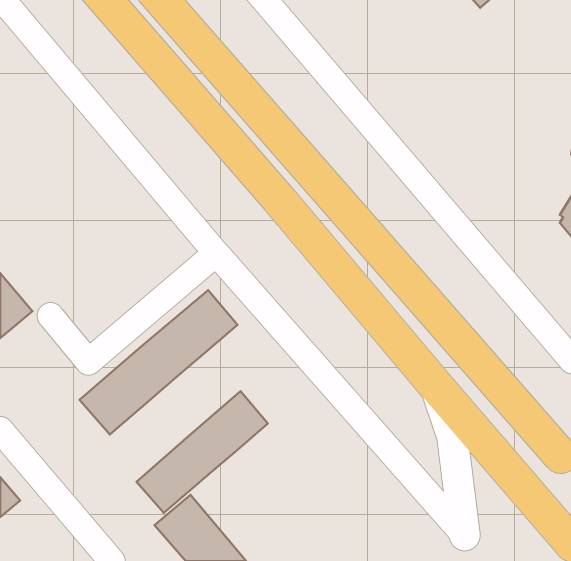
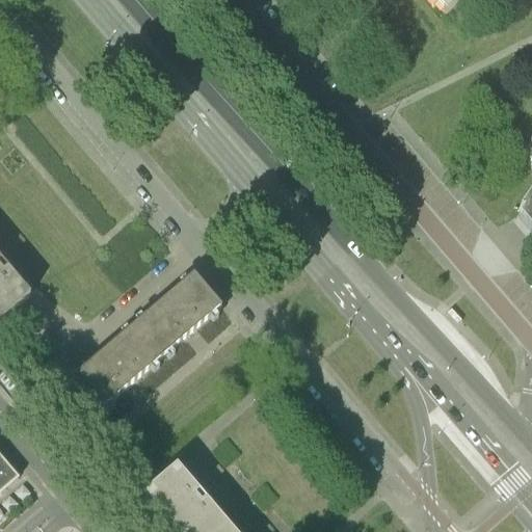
building: [136,391,268,513] -> none

